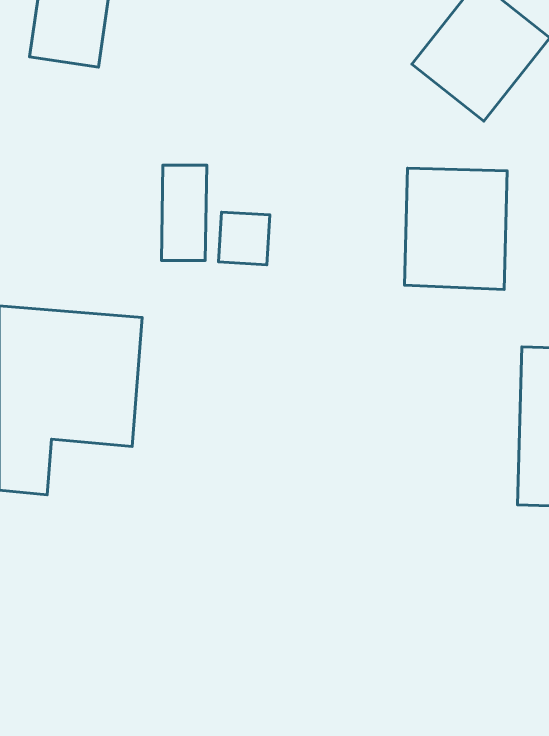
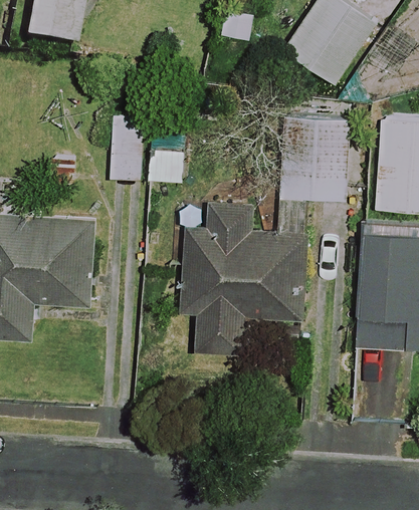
building: none -> [183,228,305,354]

